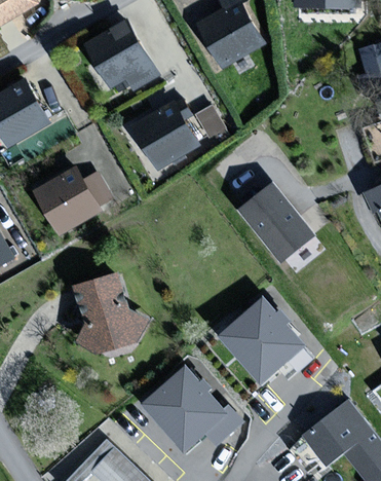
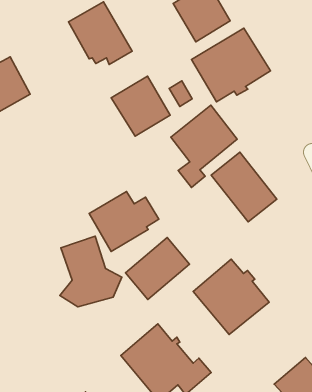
building: none -> [191,28,271,102]
building: none -> [171,105,237,187]
building: [36,168,111,232] -> [89,192,159,252]
building: none -> [125,238,189,299]

